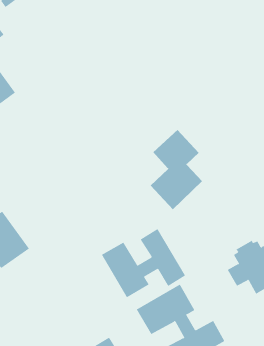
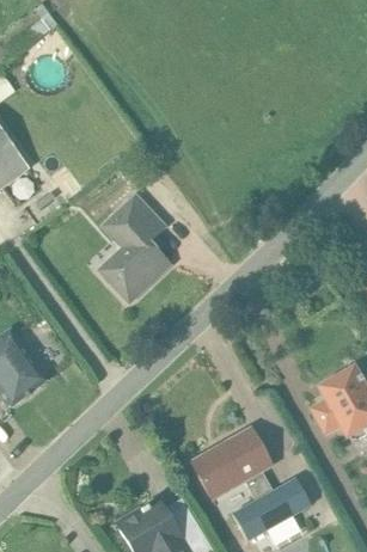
building: [150,129,203,210] -> [97,192,169,302]
building: [101,228,186,298] -> none

